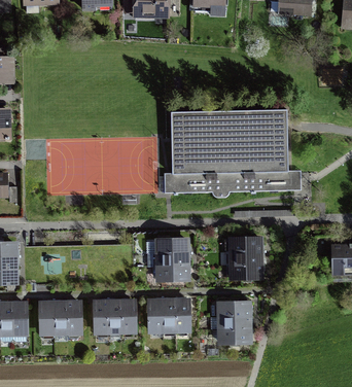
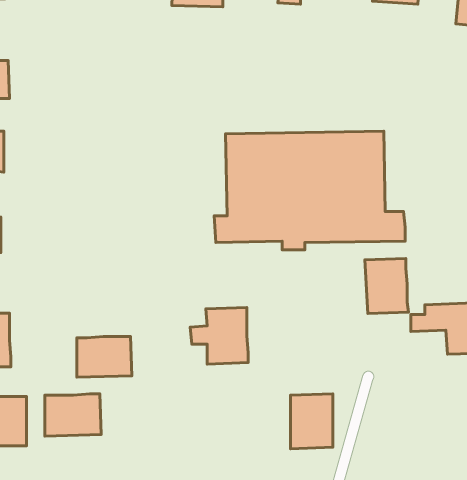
building: [230,237,261,277] -> [365,259,409,314]
building: [95,300,135,329] -> [77,336,132,377]
building: [148,300,188,328] -> none

